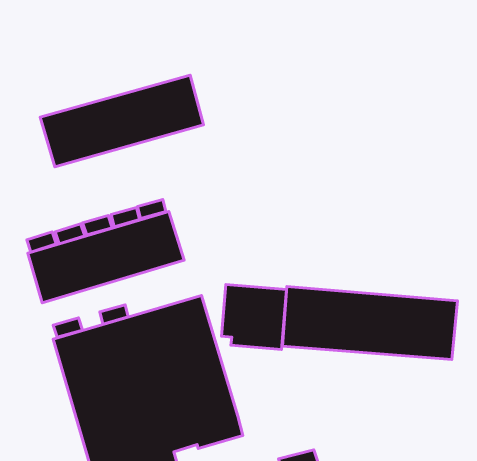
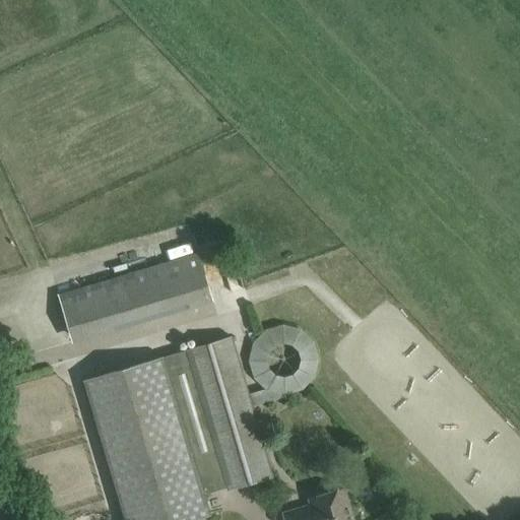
building: [40,75,203,167] -> none
building: [283,287,457,359] -> none

